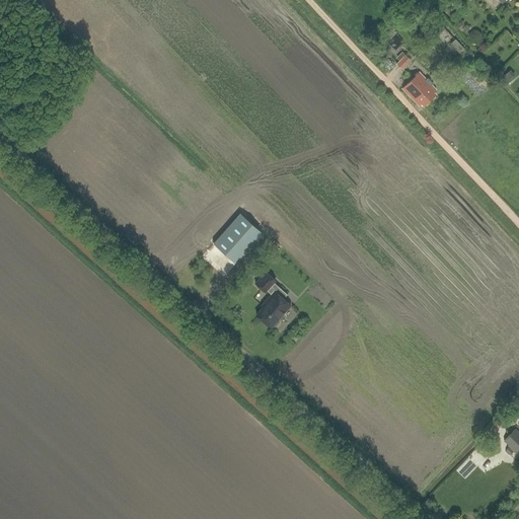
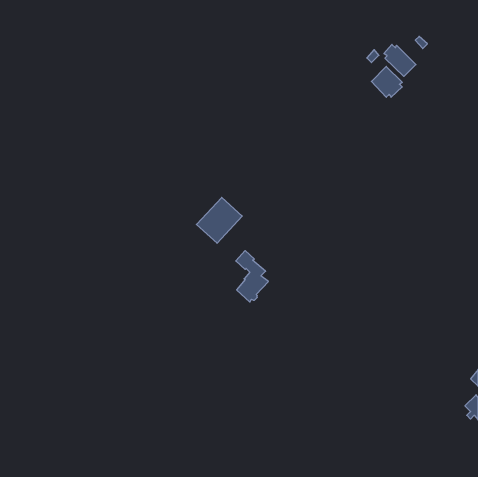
building: none -> [384,44,416,76]

